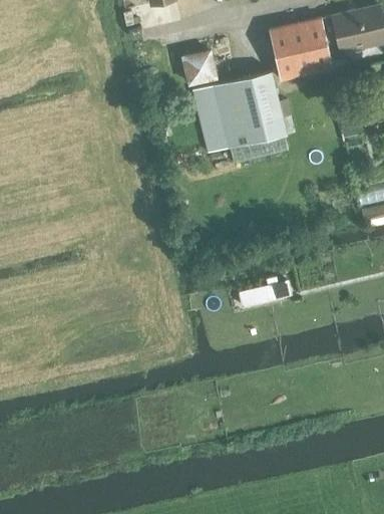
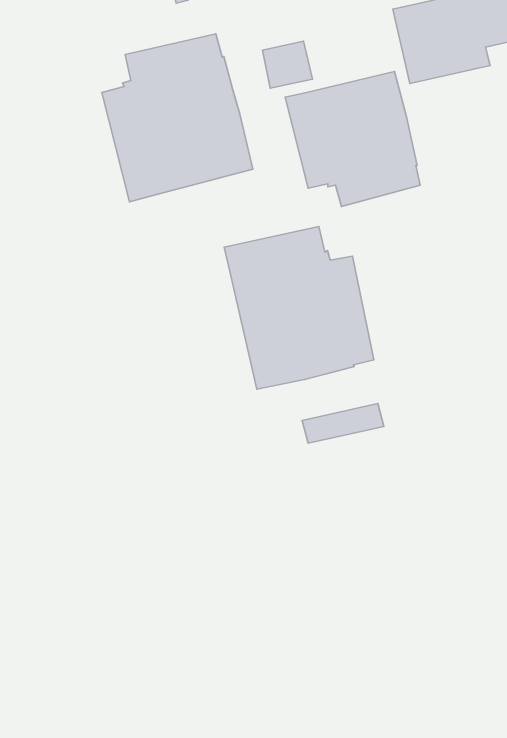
building: none -> [102,34,253,202]
building: none -> [224,226,374,389]

